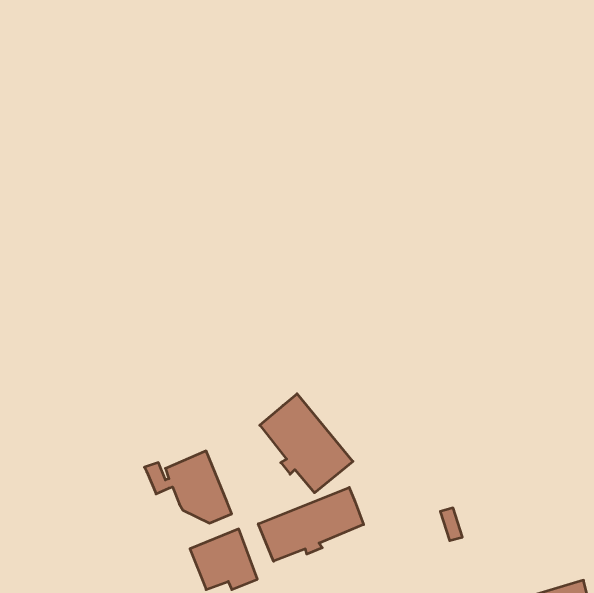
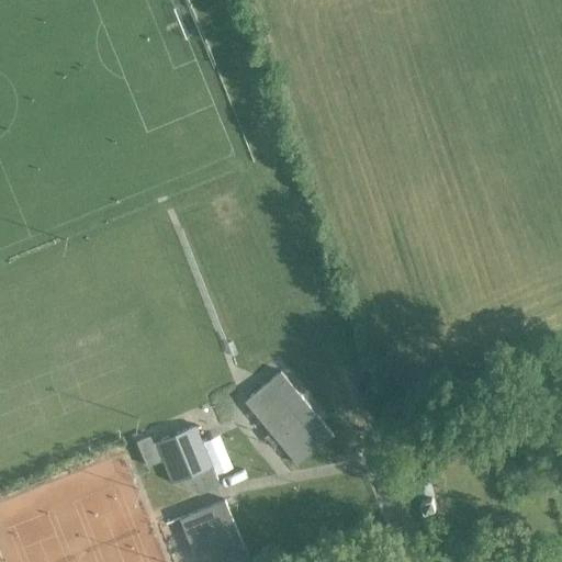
building: [258,487,364,561] -> none

